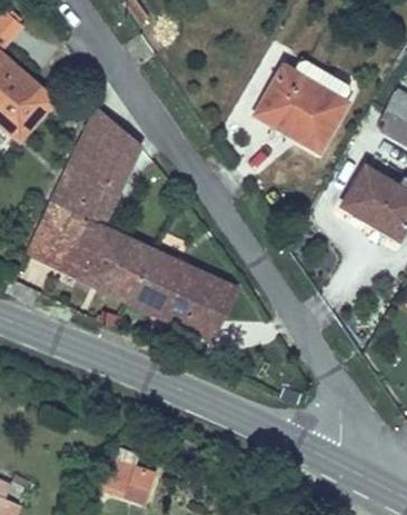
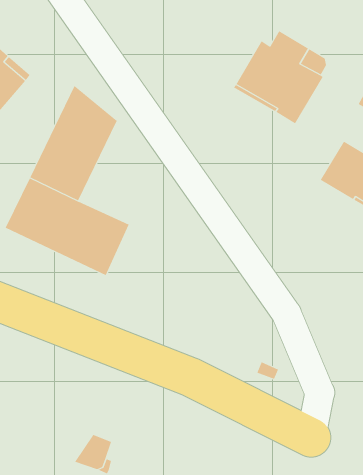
building: [129,249,234,338] -> none

